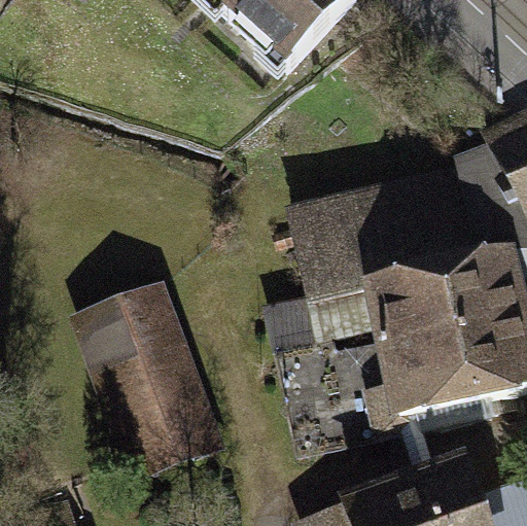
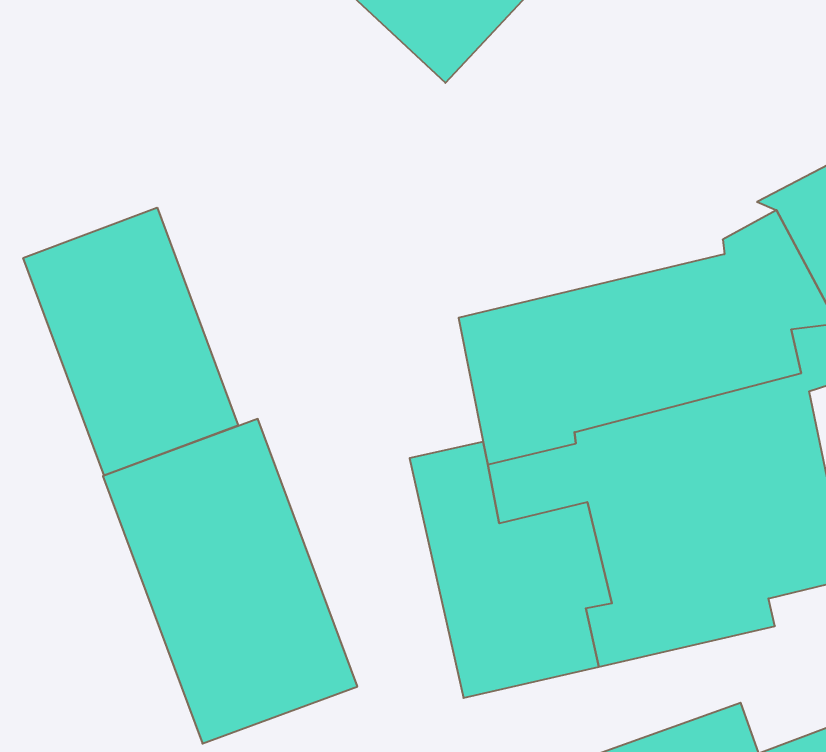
building: none -> [23,208,238,476]

